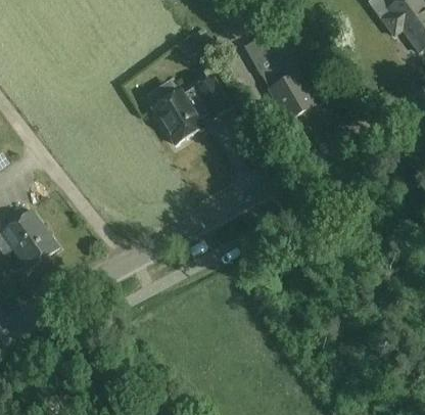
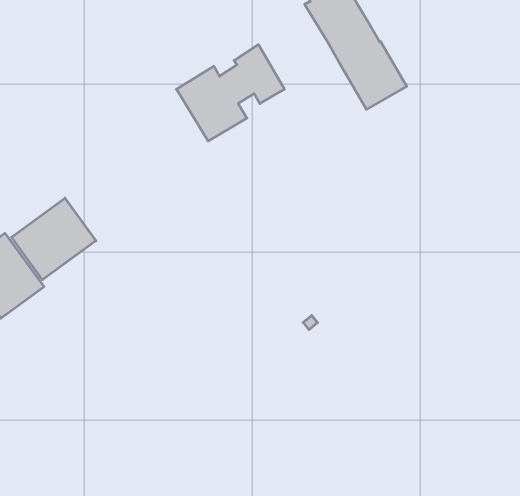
building: none -> [12,198,96,280]

